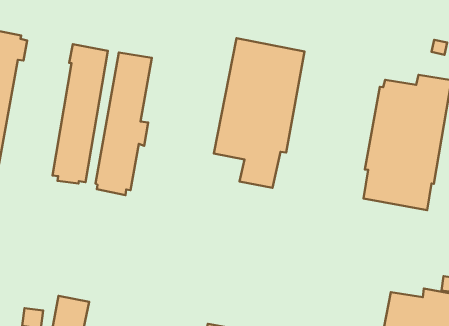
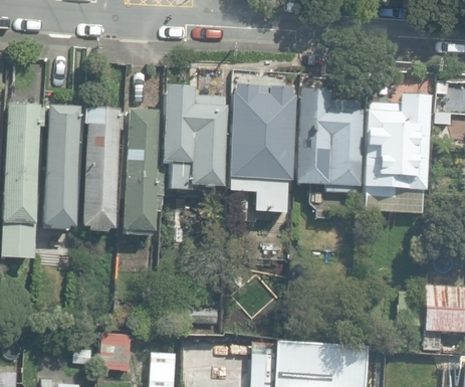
building: none -> [162,85,228,189]
building: none -> [45,106,80,228]
building: none -> [296,90,363,192]

